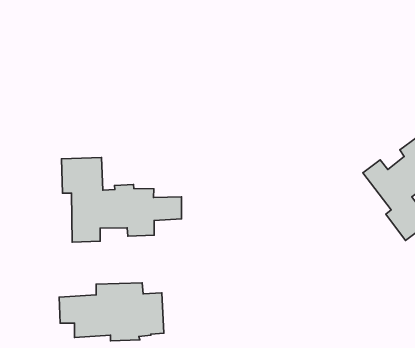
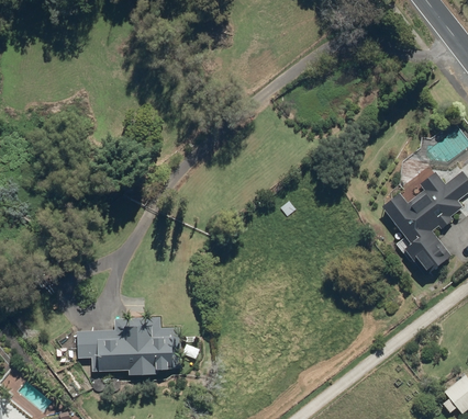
building: [61,157,182,242] -> none

